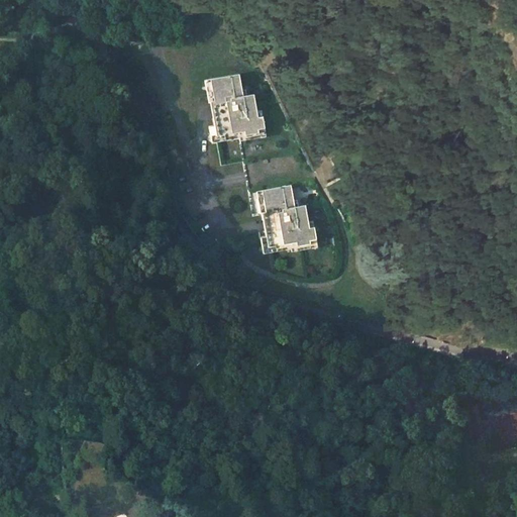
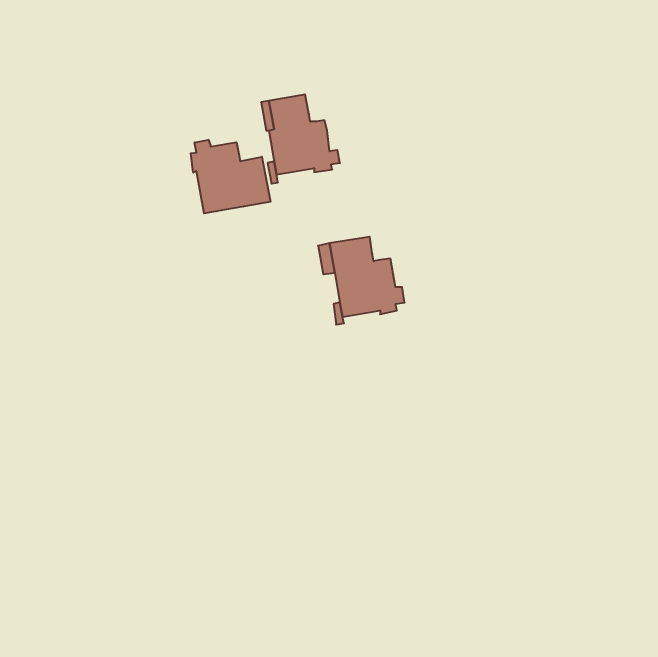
building: none -> [191,140,270,213]

